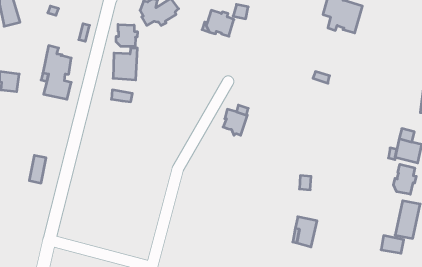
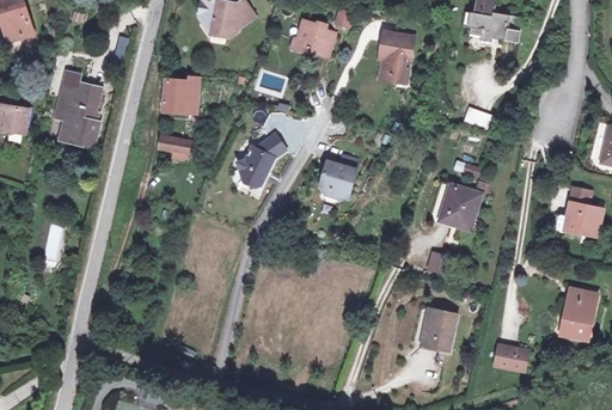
building: none -> [380,30,414,82]
building: [116,24,137,47] -> none
building: none -> [235,130,283,183]
building: none -> [436,183,478,224]
building: [393,164,416,194] -> none
building: [381,236,404,253] -> [492,350,525,375]

